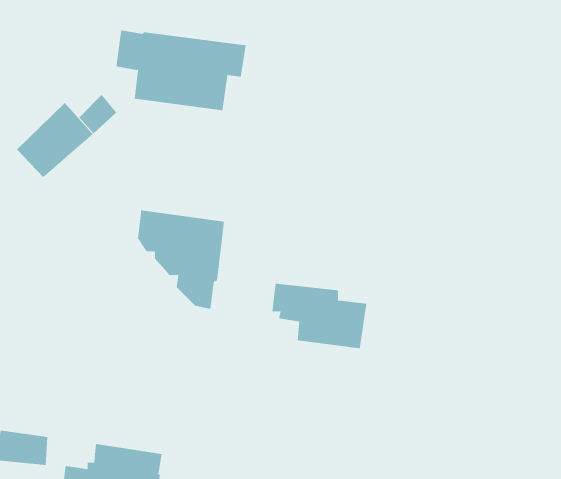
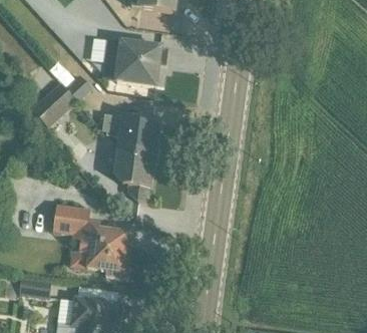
building: [271,283,367,349] -> [103,112,160,151]
building: none -> [54,203,125,278]

